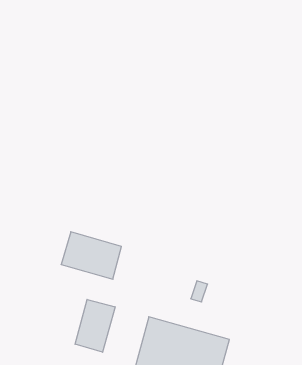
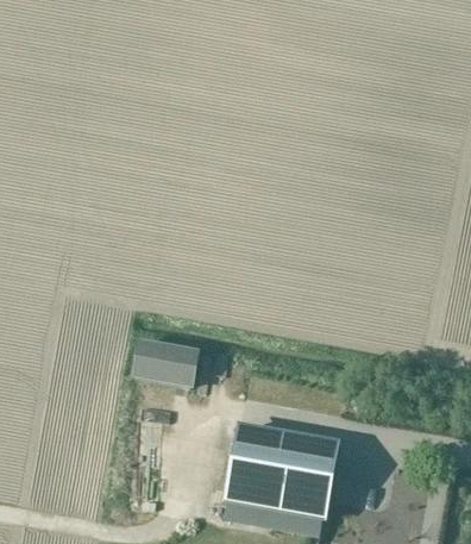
building: [75,299,115,352] -> none

